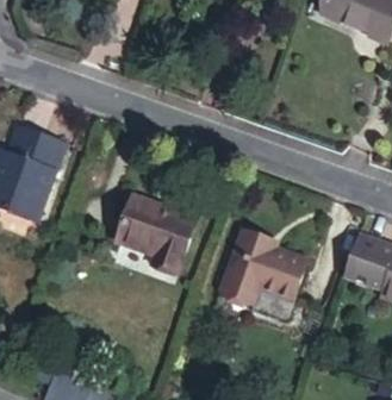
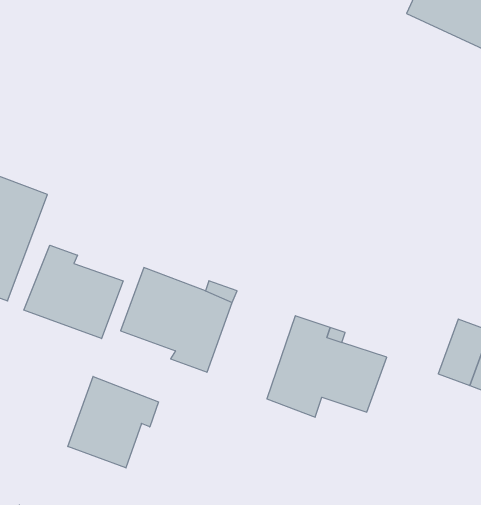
building: none -> [24,245,123,339]
building: none -> [68,376,158,468]

